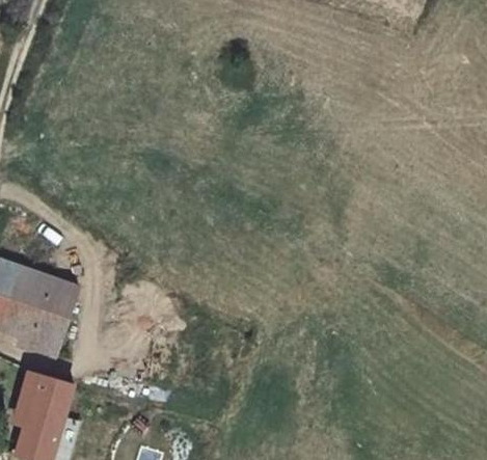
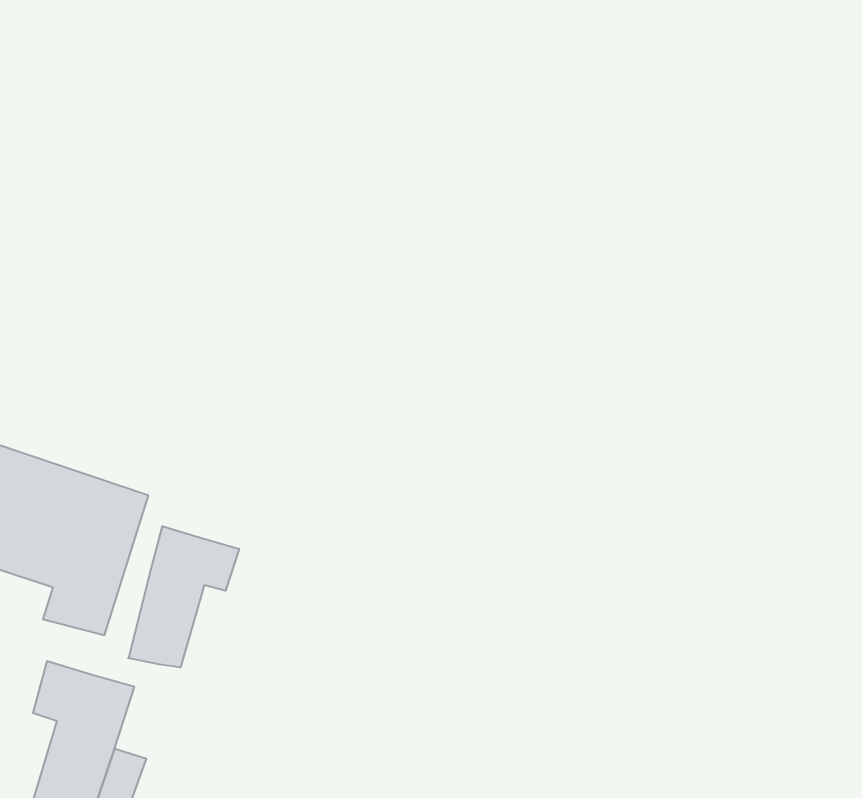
building: none -> [128,526,239,668]

